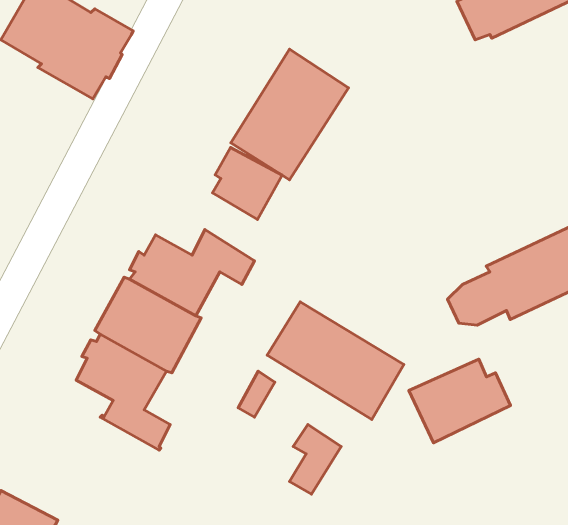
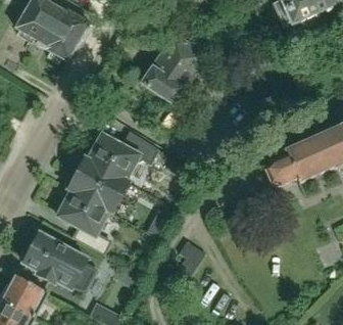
building: [212,148,282,219] -> none
building: [267,302,404,420] -> none
building: [409,359,510,443] -> none
building: none -> [23,233,97,291]

